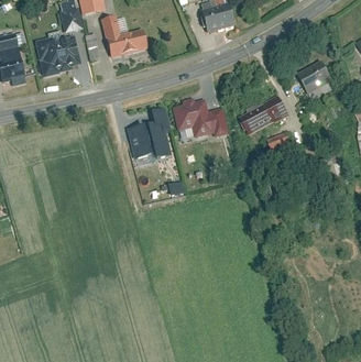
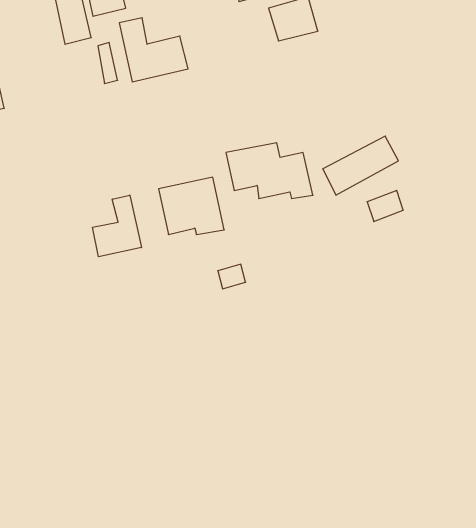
building: [40,37,79,70] -> none
building: [297,62,331,90] -> none
building: none -> [93,195,141,257]

